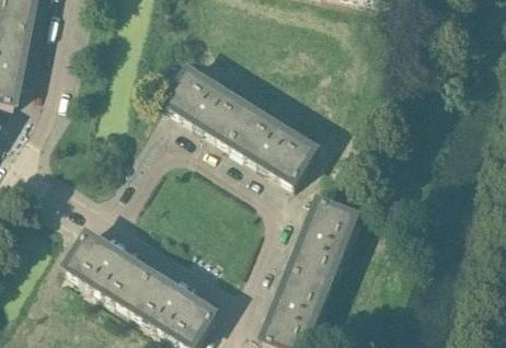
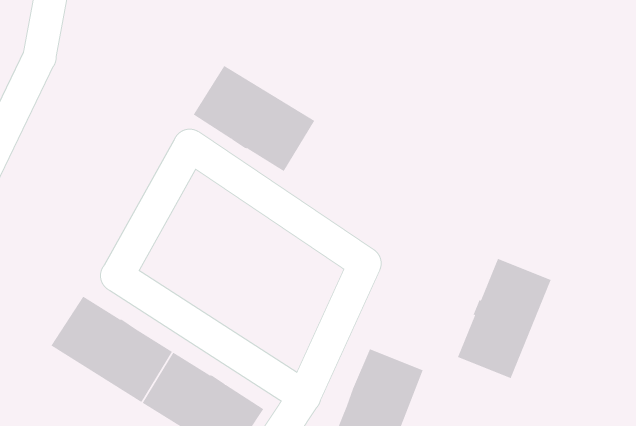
building: [231,107,317,183] -> none
building: [291,198,358,283] -> [457,258,552,379]

